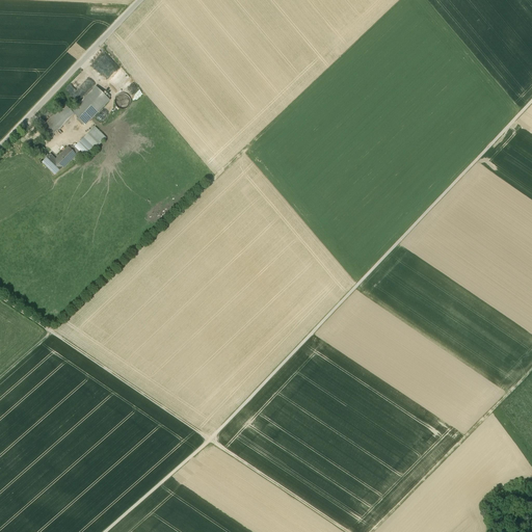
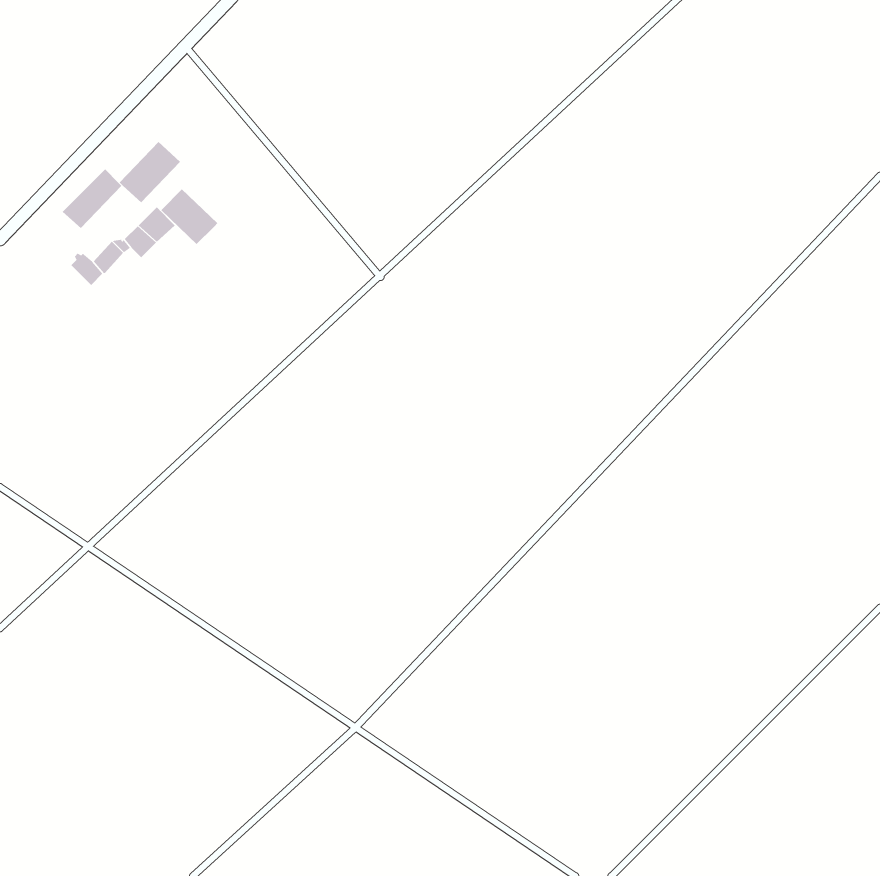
building: none -> [160,189,218,245]

